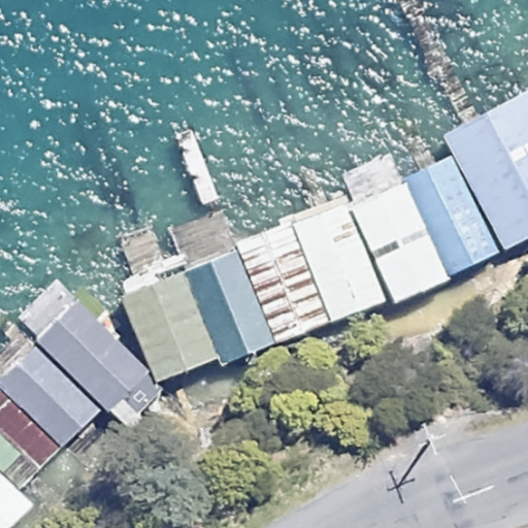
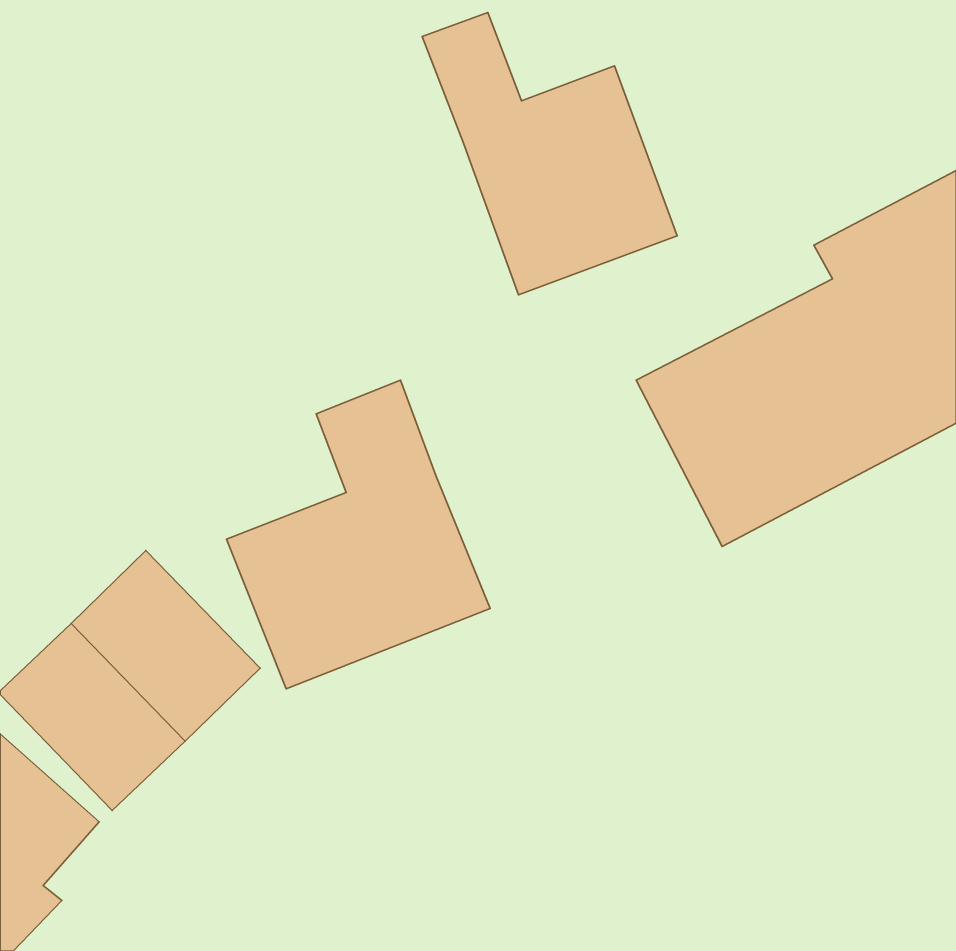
building: none -> [422,13,677,295]
building: [242,202,384,339] -> none

